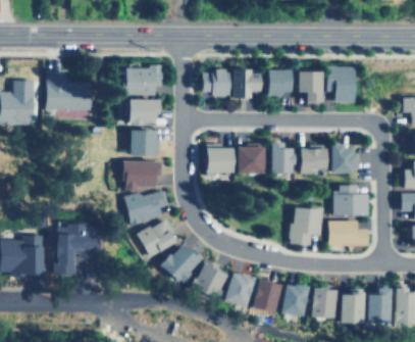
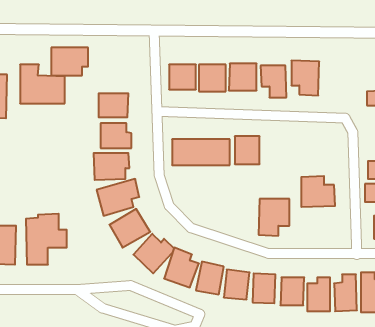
building: [126,67,164,96] -> [51,48,88,75]
building: [296,145,356,173] -> none
building: [328,221,369,246] -> none

